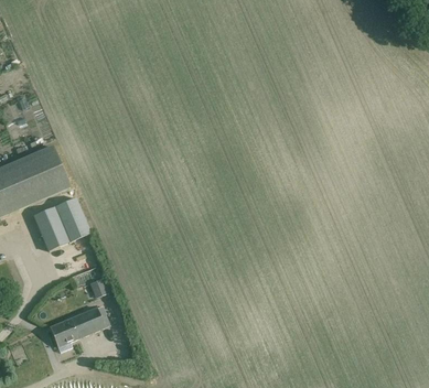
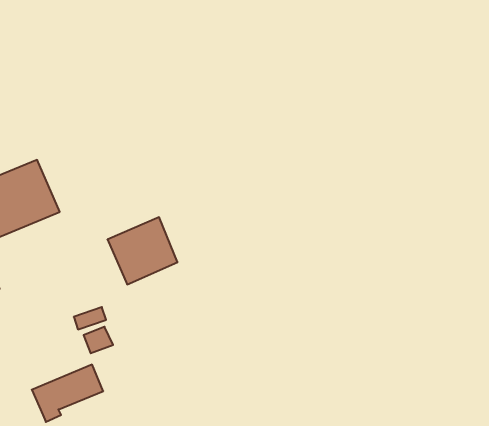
building: [32,197,87,250] -> [107,217,178,284]

